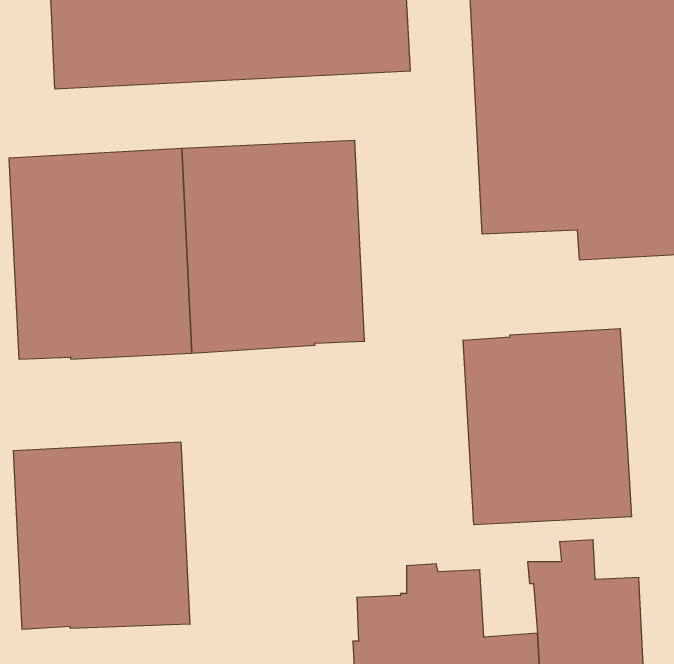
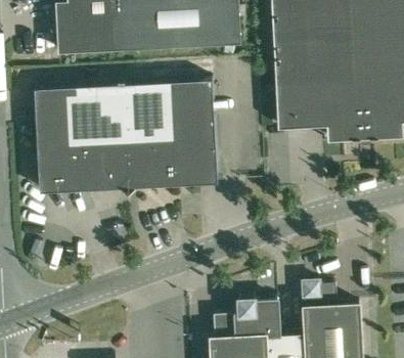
building: [463,328,632,525] -> none
building: [13,442,190,629] -> none

